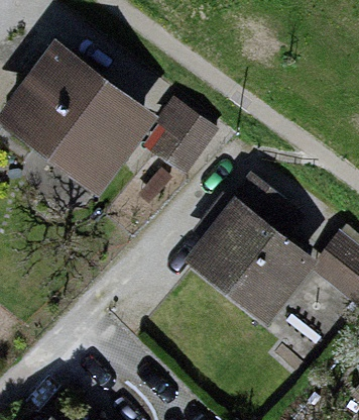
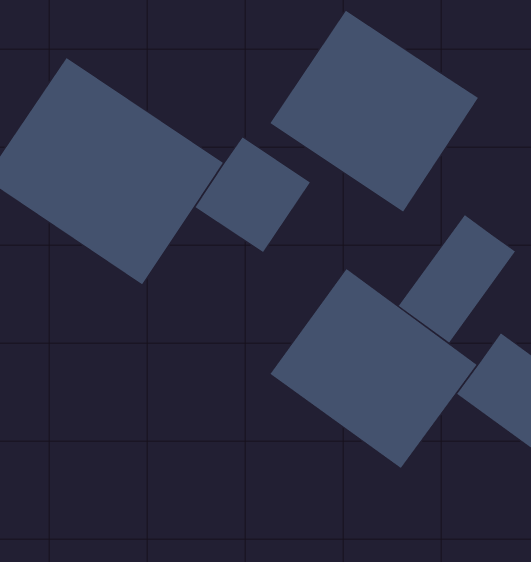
building: none -> [270,10,479,213]
building: none -> [398,214,516,343]

